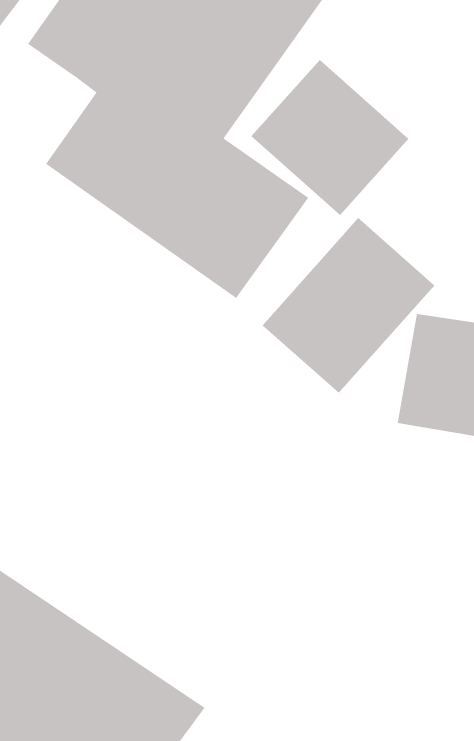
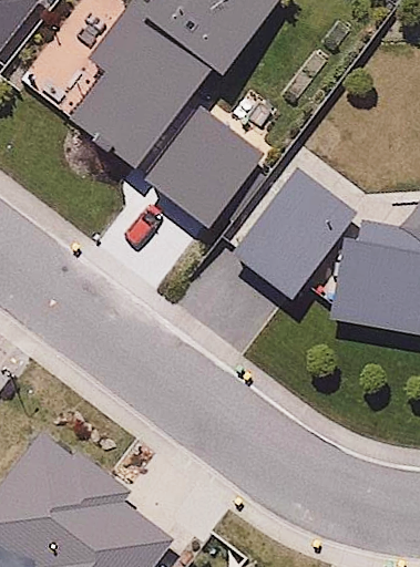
building: [251,59,409,216] -> none

